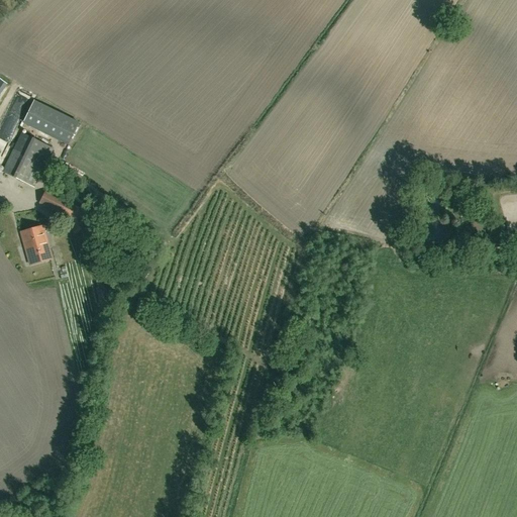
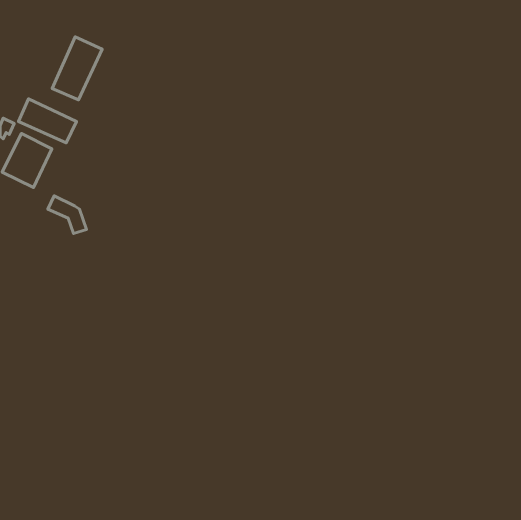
building: none -> [52,37,102,100]
building: [20,225,51,264] -> none

